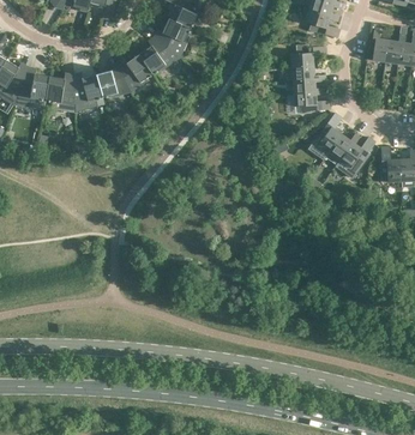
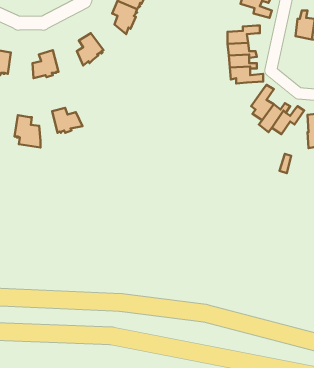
building: [138,44,179,73] -> none
building: [96,70,130,97] -> [52,108,82,133]
building: [46,75,74,111] -> [15,115,40,147]

